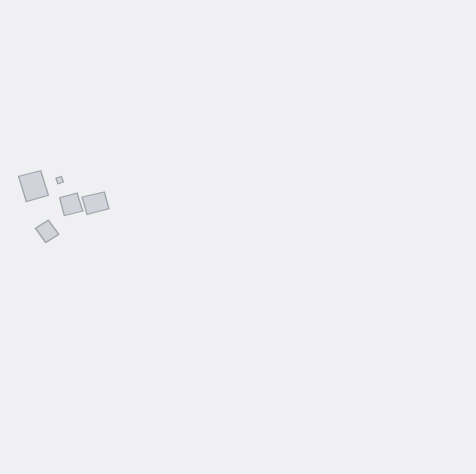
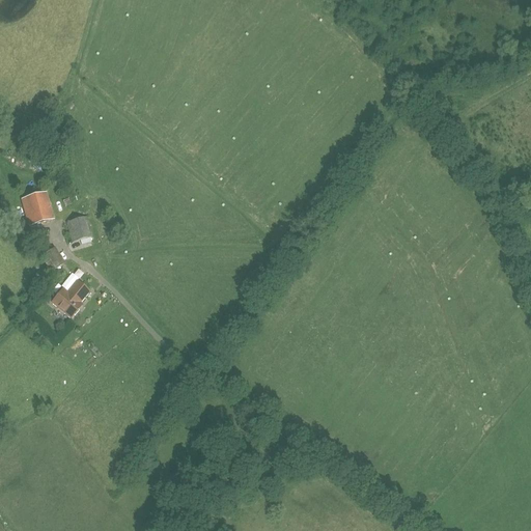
building: [82,192,109,215] -> none
building: none -> [52,279,88,315]

